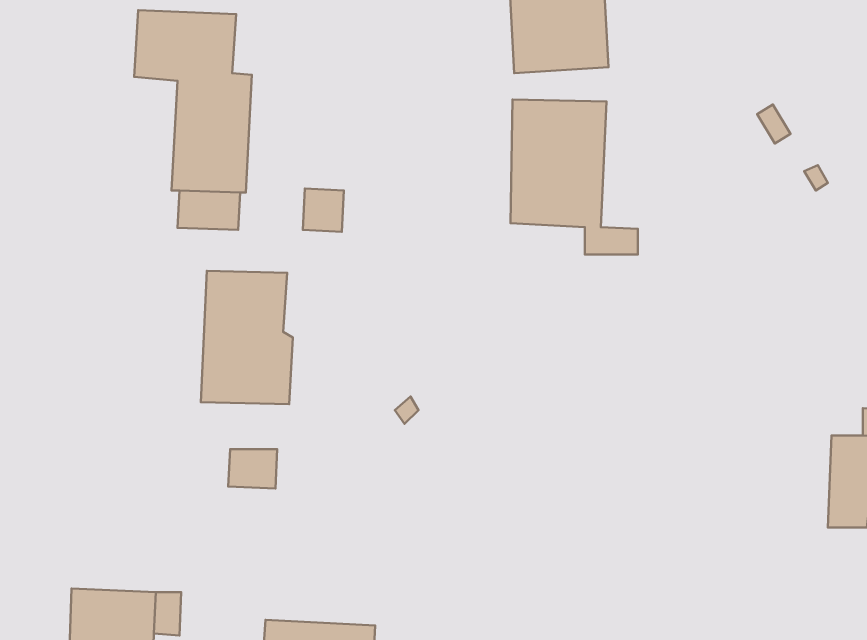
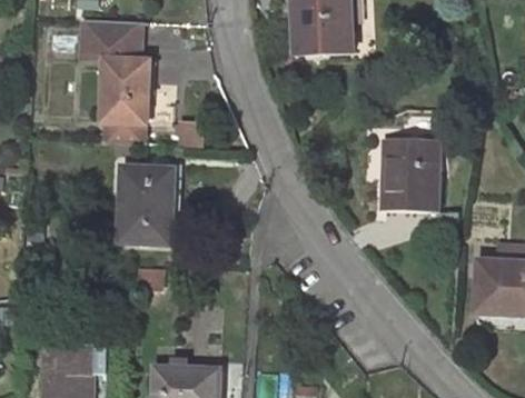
building: [511,100,638,254] -> [384,139,456,227]

